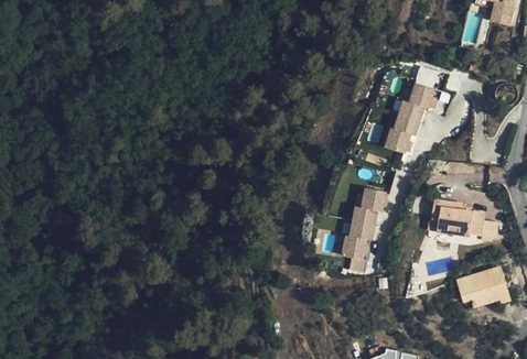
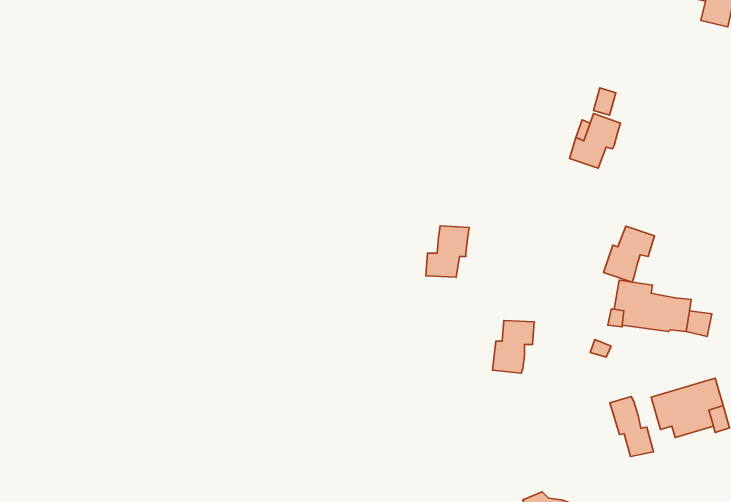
building: [384,116,419,154] -> [603,226,655,282]
building: [354,193,384,228] -> [426,226,469,277]
building: none -> [610,397,654,457]

